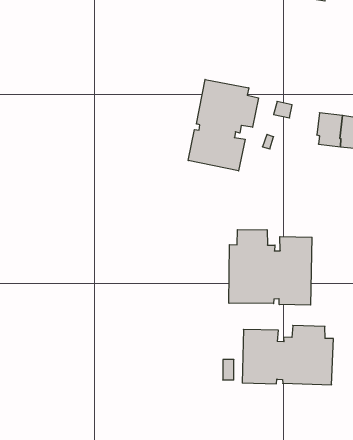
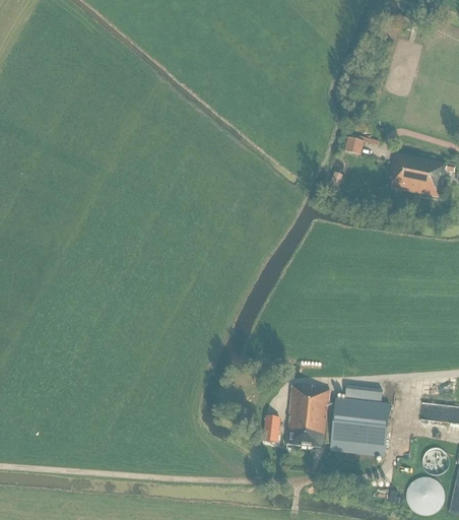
building: [188,79,258,171] -> none
building: [229,230,312,305] -> none

